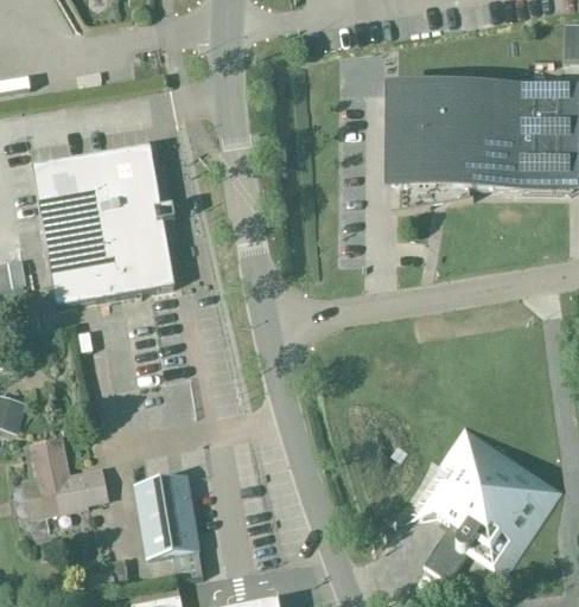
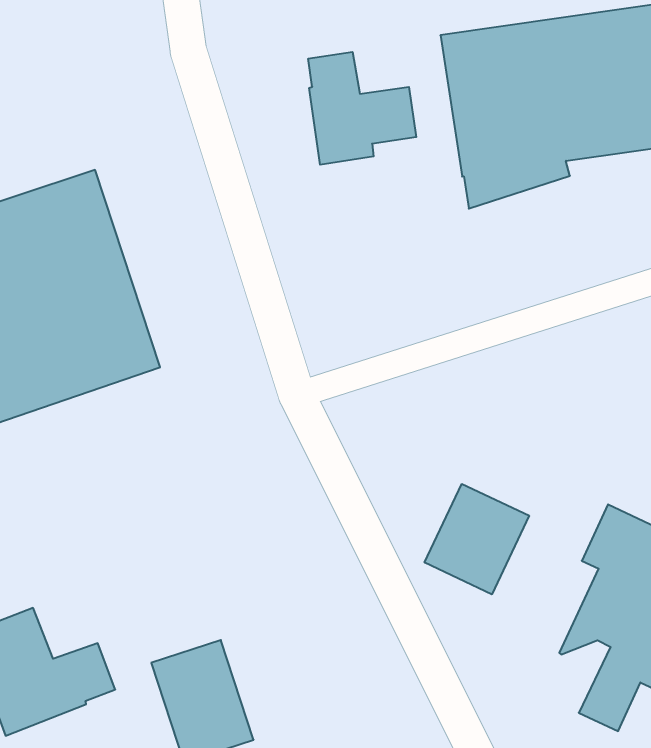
building: none -> [308,52,416,165]
building: none -> [425,484,529,594]

